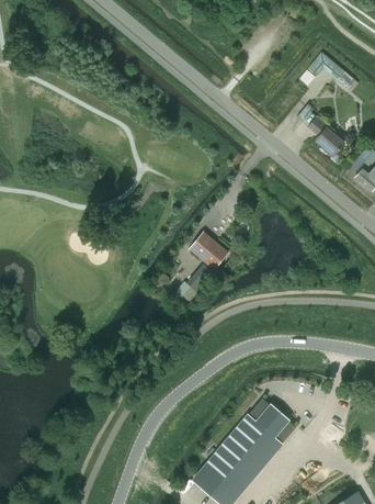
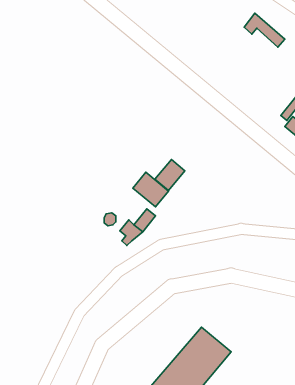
building: [307,116,343,160] -> none
building: none -> [155,159,185,191]

